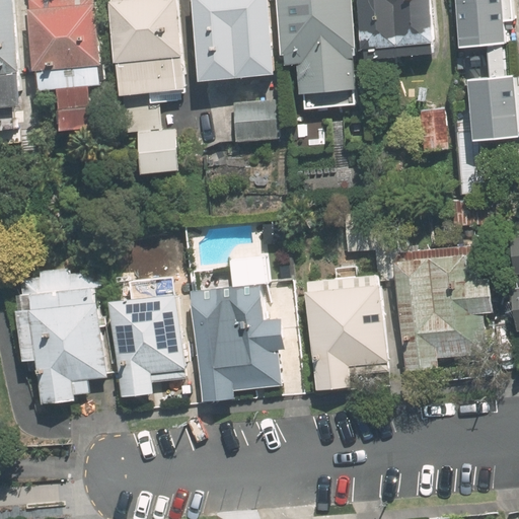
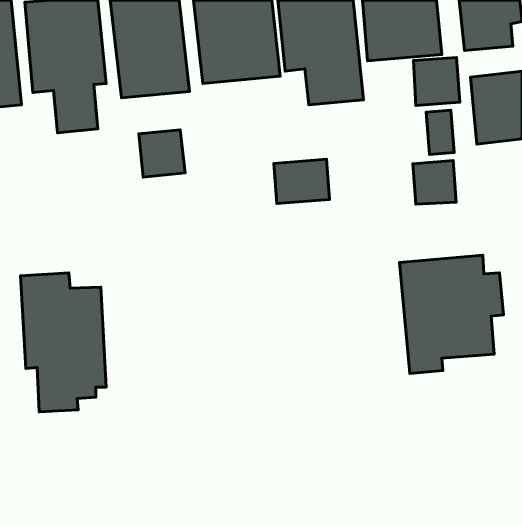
building: none -> [414,57,460,105]
building: [228,96,283,140] -> [274,159,329,203]
building: none -> [413,161,456,204]
building: [303,271,389,388] -> none
building: [187,282,288,403] -> none
building: [106,289,186,402] -> none

